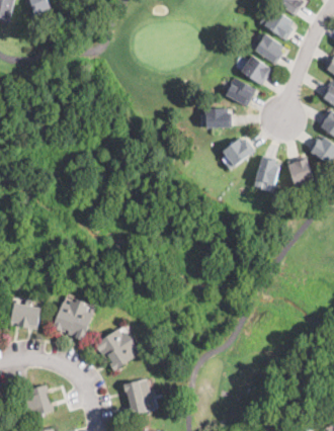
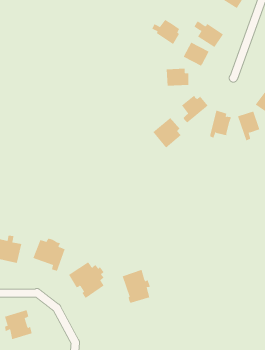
building: [250,35,282,65] -> [151,19,180,45]
building: none -> [153,117,182,148]
building: [122,377,156,417] -> [122,269,151,304]

